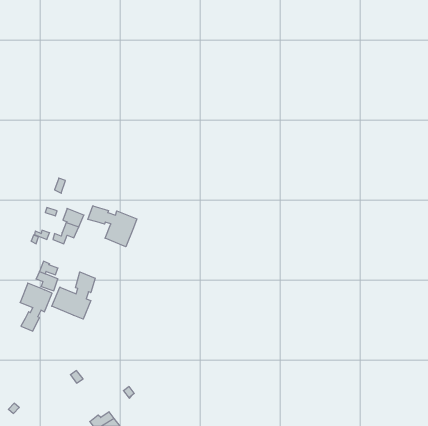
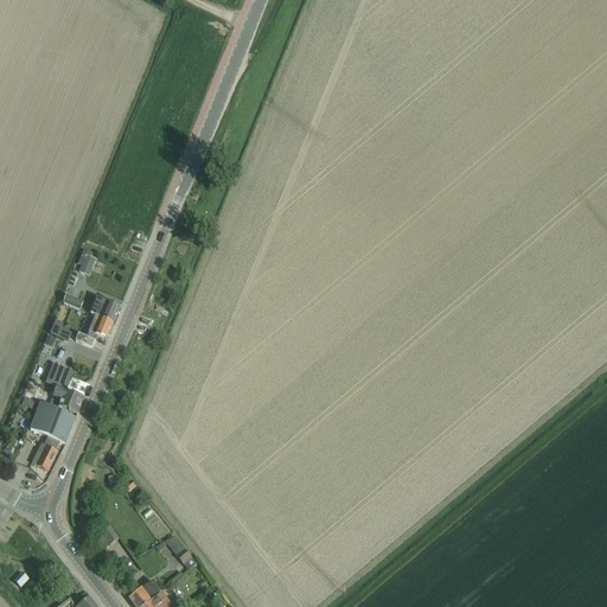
building: [88,206,137,247] -> none
building: [52,272,95,319] -> none

